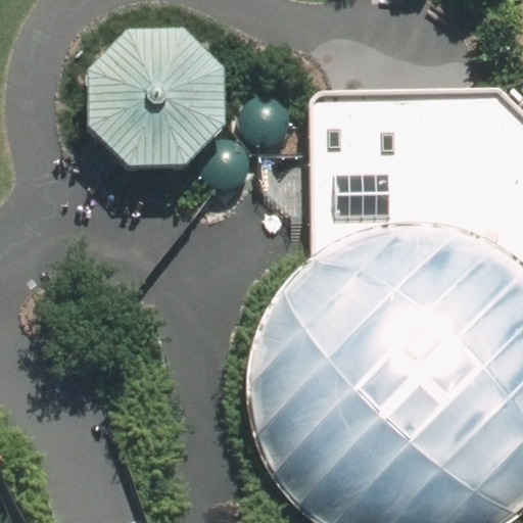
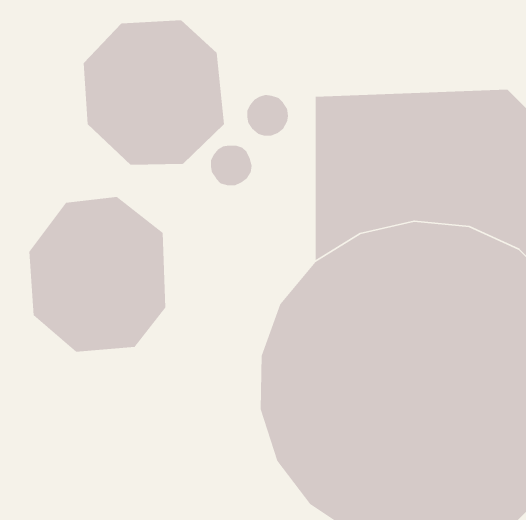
building: none -> [28,196,166,352]

